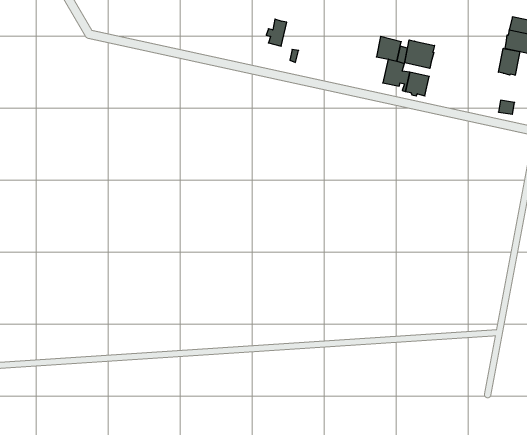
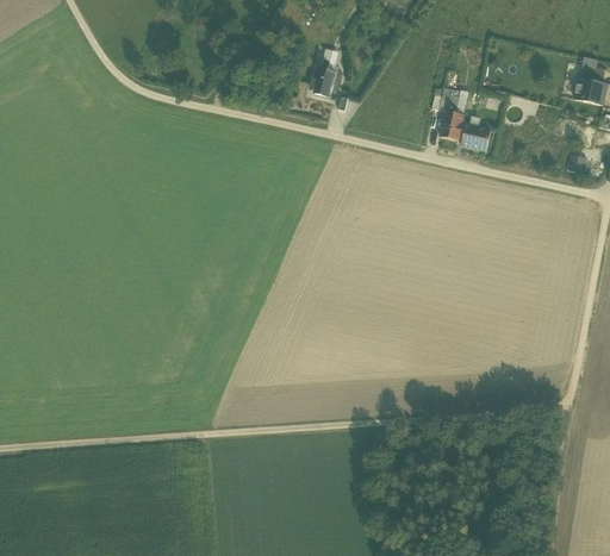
building: [405,40,434,68] -> none
building: [498,48,520,75] -> none

